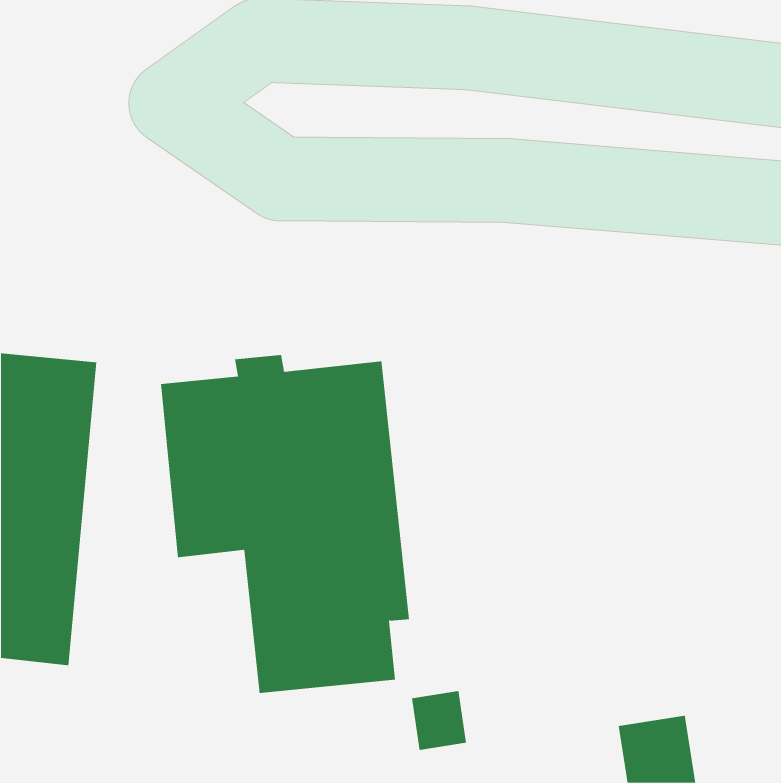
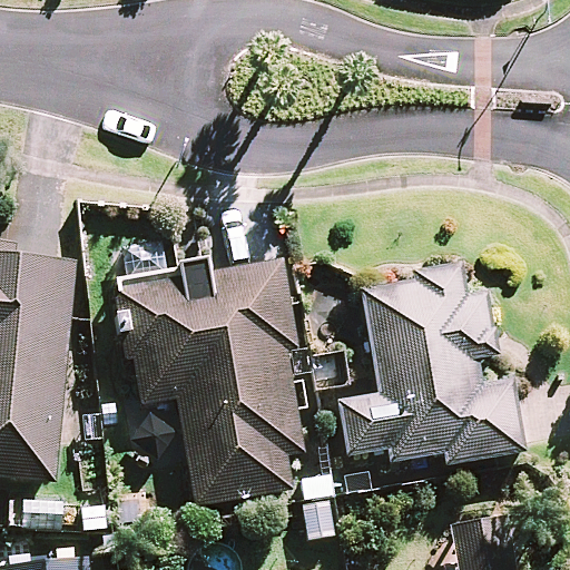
building: none -> [340,272,521,463]

